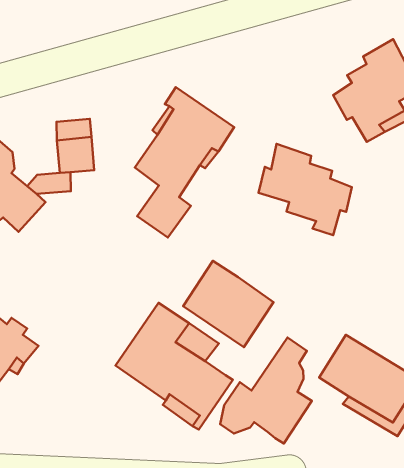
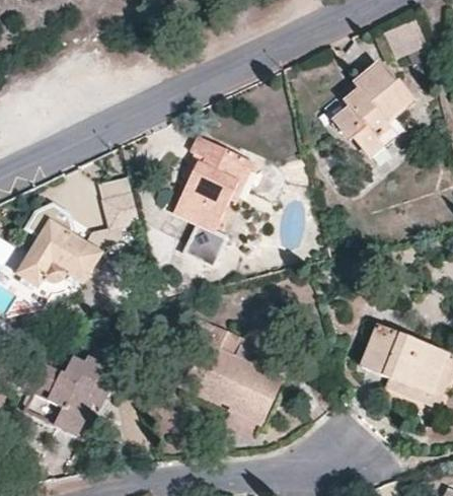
building: [258,144,352,235] -> none
building: [183,261,274,347] -> none
building: [220,338,312,443] -> none

